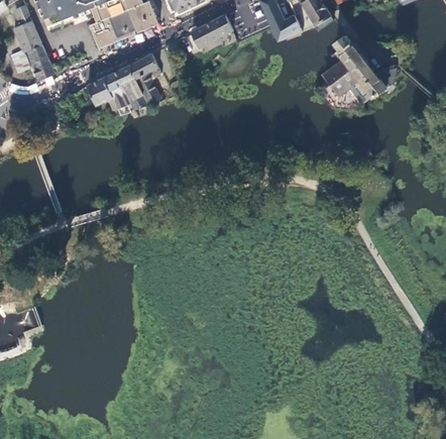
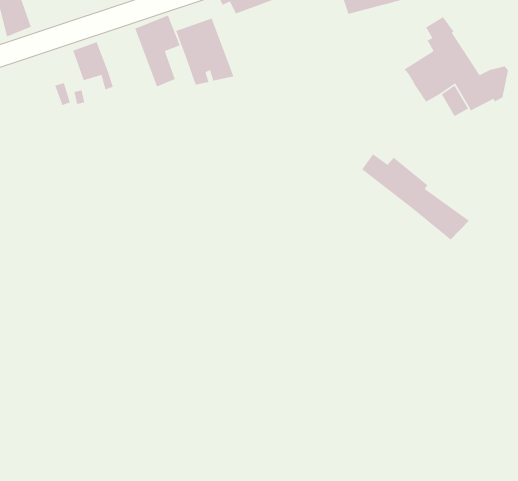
building: [102,65,147,114] -> [175,17,234,85]
building: none -> [361,153,470,241]

